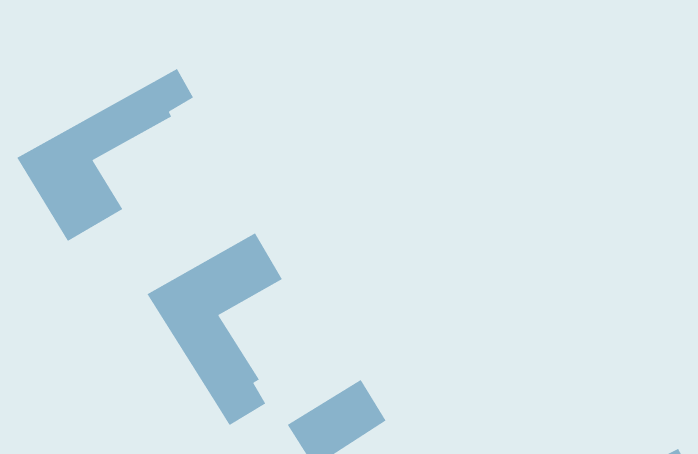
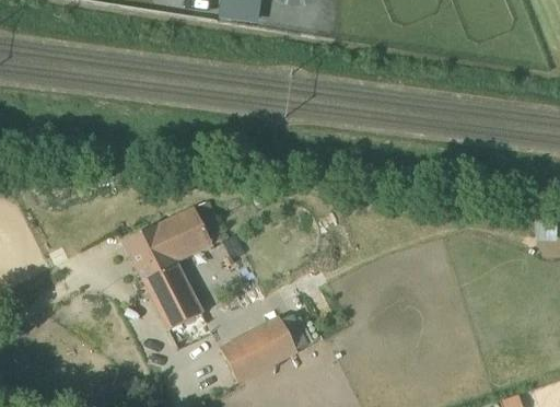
building: [16,68,194,242] -> none

